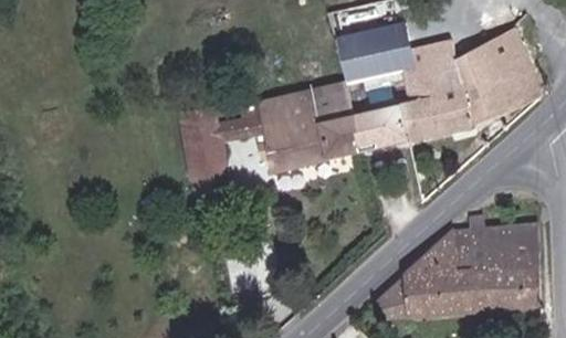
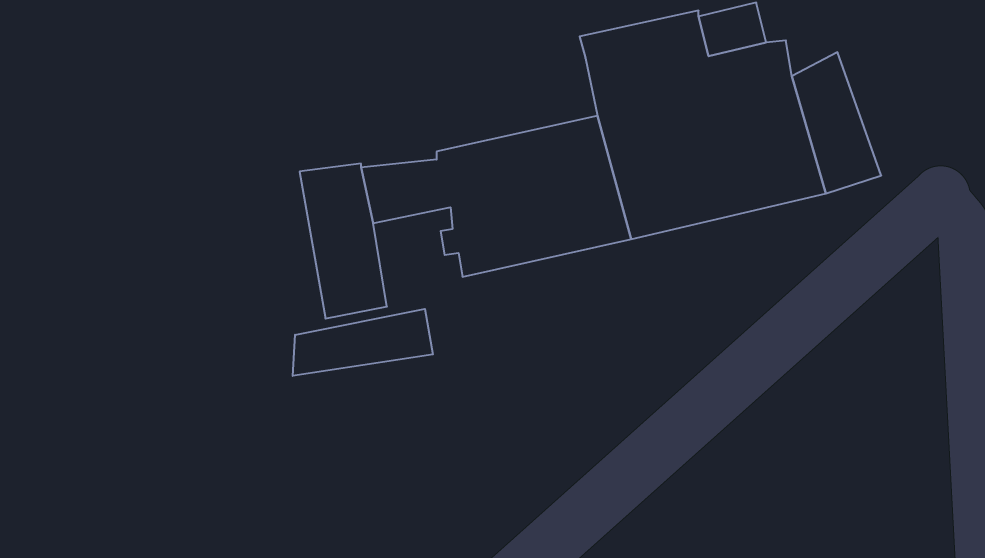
building: [480,28,542,115] -> none
building: none -> [293,309,433,376]
building: [376,198,539,317] -> none

